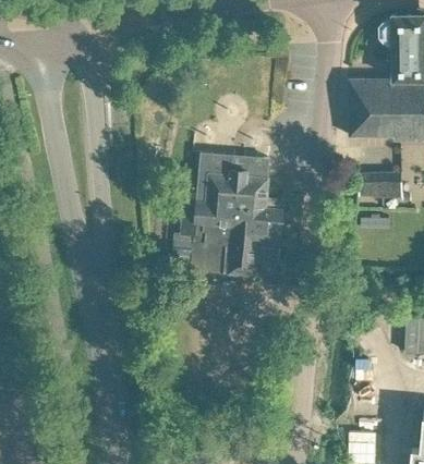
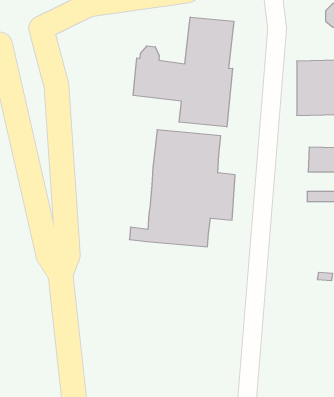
building: none -> [133,17,234,127]

